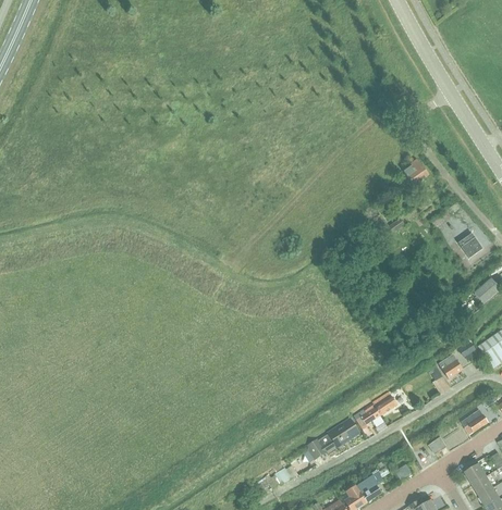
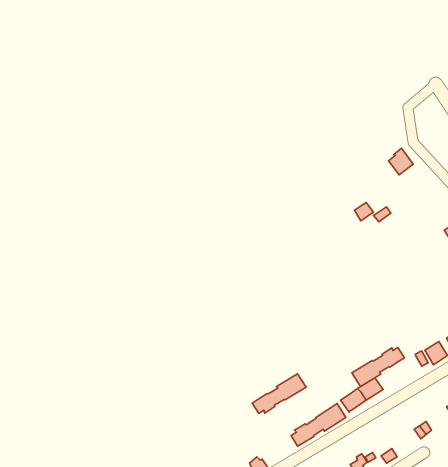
building: none -> [352,347,404,386]
building: none -> [252,374,306,413]

